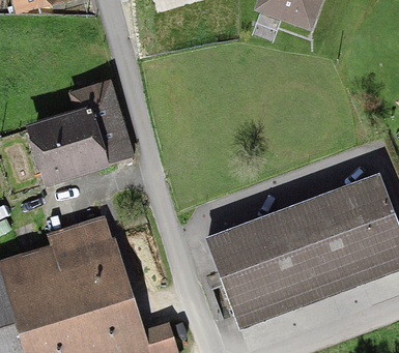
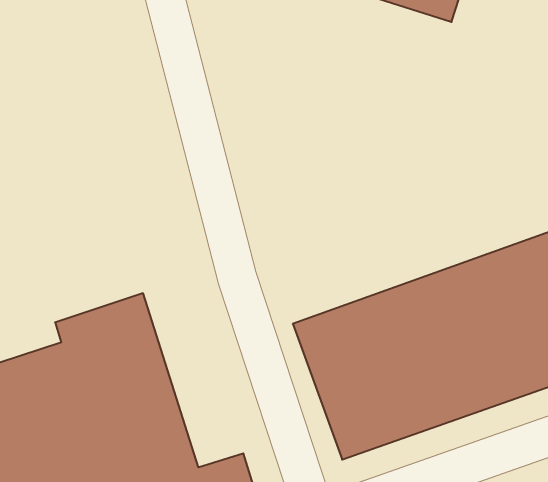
building: [22,81,135,188] -> none

